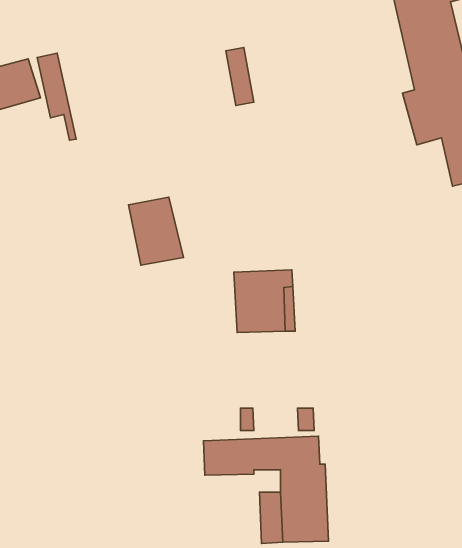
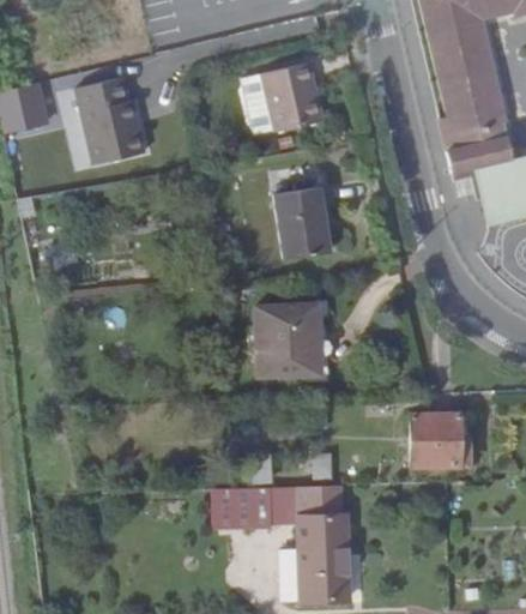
building: none -> [265,61,324,128]
building: none -> [77,79,146,167]
building: [129,197,183,265] -> [266,186,325,259]
building: none -> [413,410,472,465]

